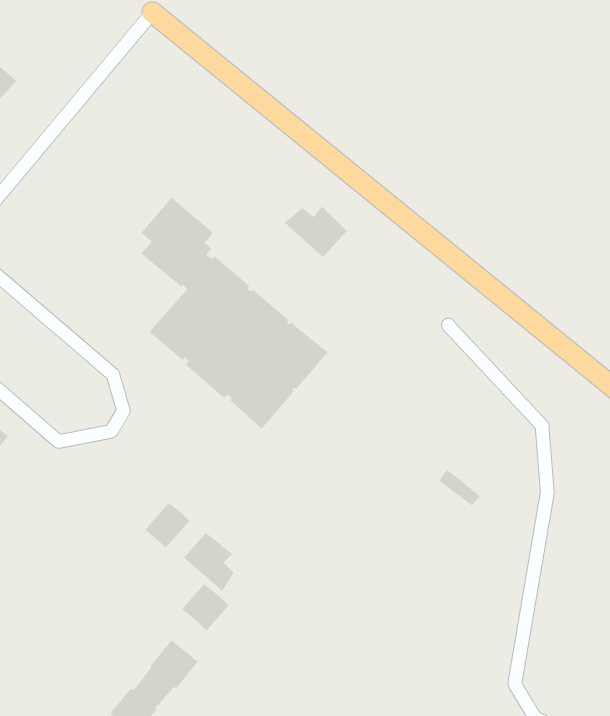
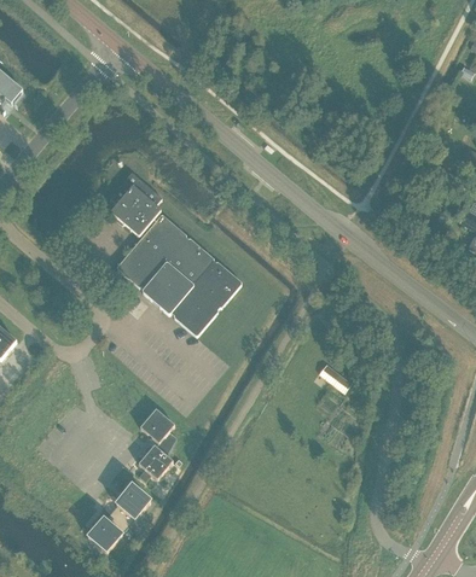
building: [284,206,348,258] -> none
building: [145,502,190,548] -> none

